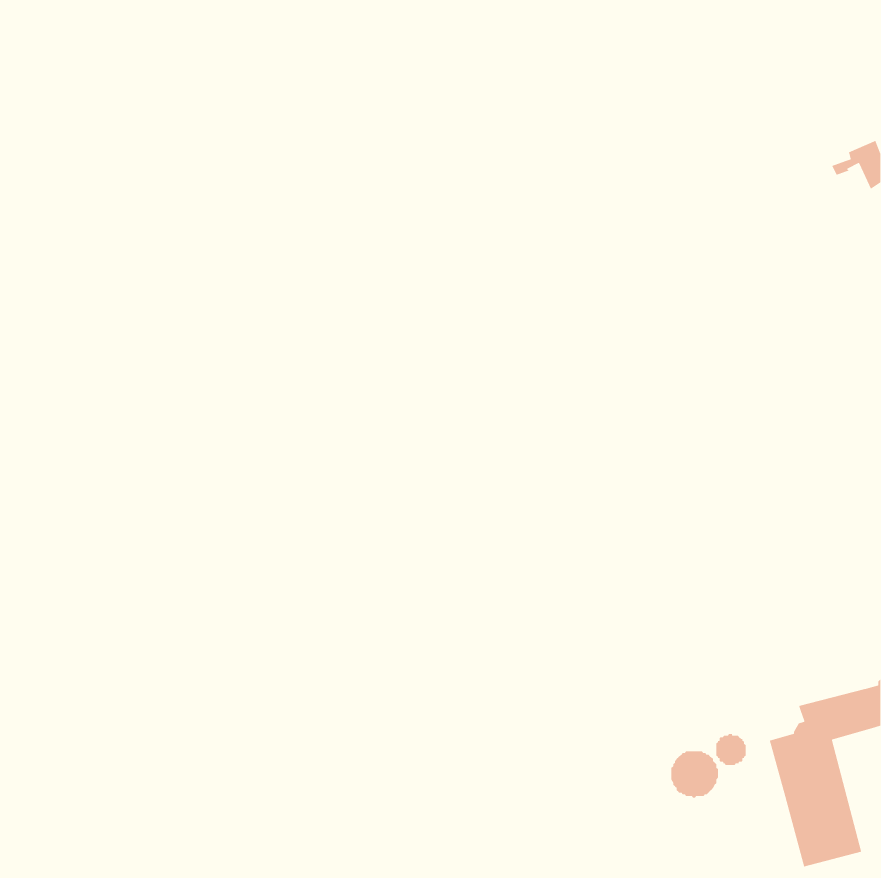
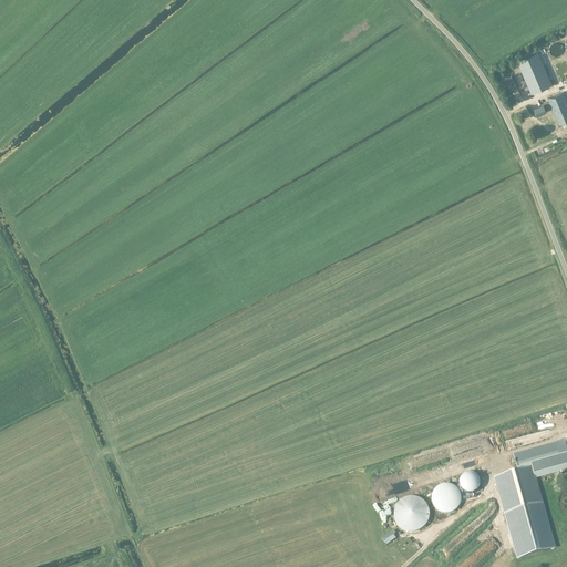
building: none -> [517,50,551,92]
building: none -> [394,495,430,530]

